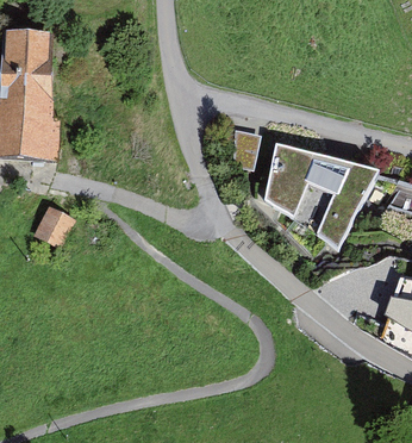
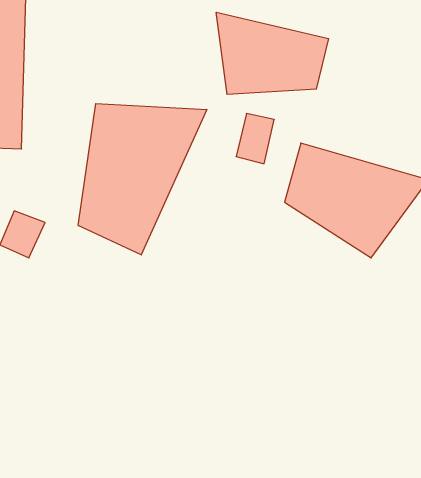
building: none -> [216,12,329,94]
building: none -> [78,104,207,255]

